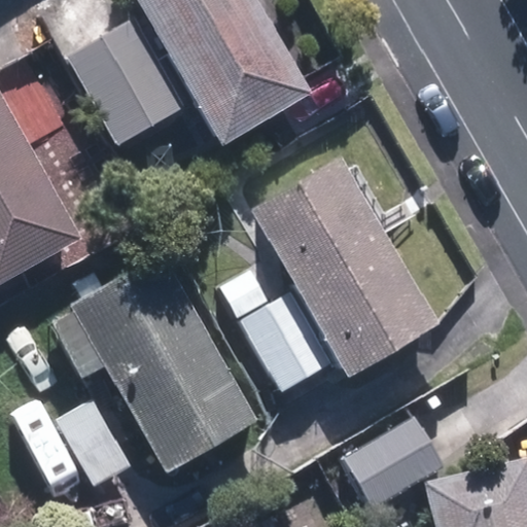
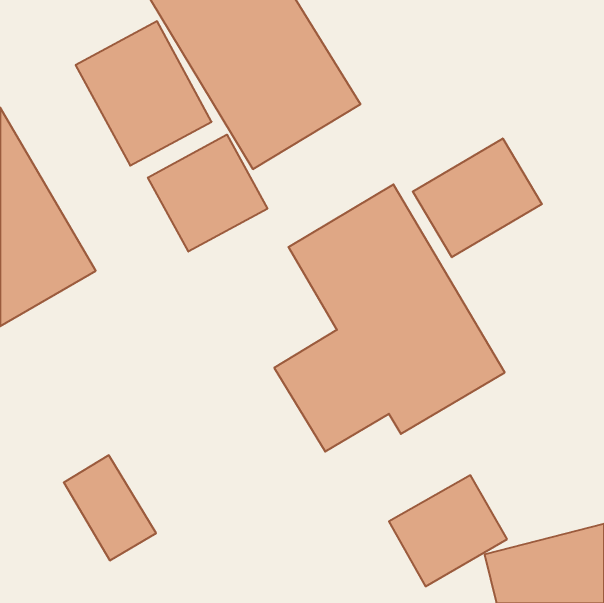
building: none -> [148,135,267,252]
building: none -> [413,138,542,257]
building: [59,269,259,476] -> none

